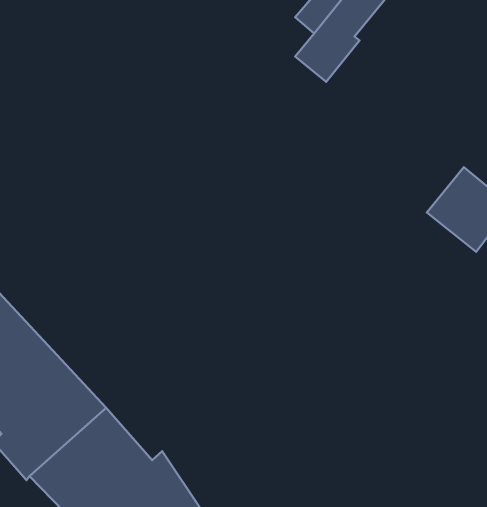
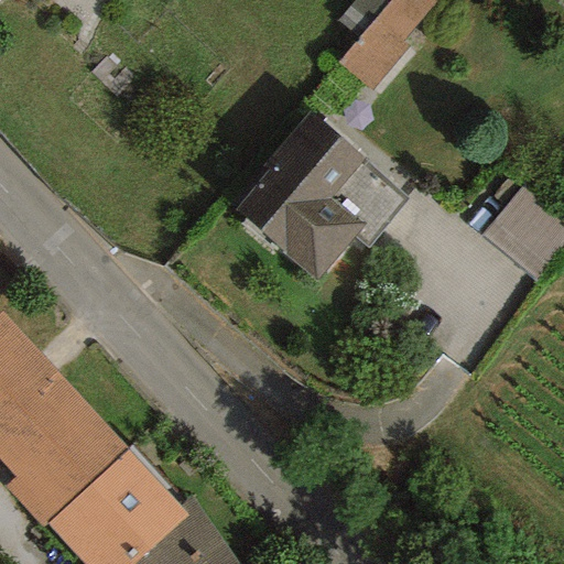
building: none -> [232,111,369,282]

